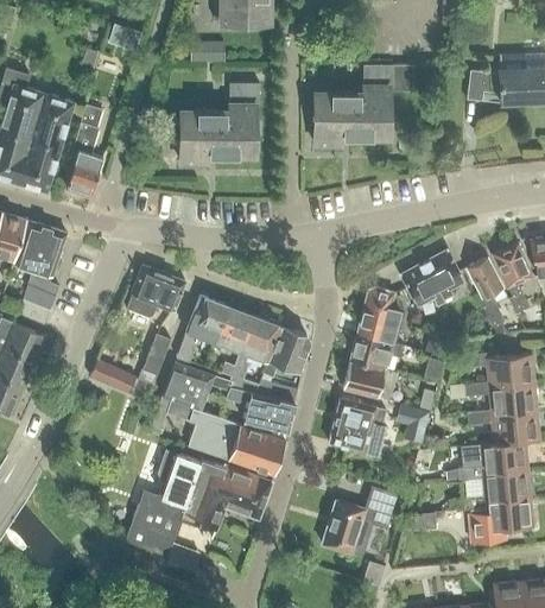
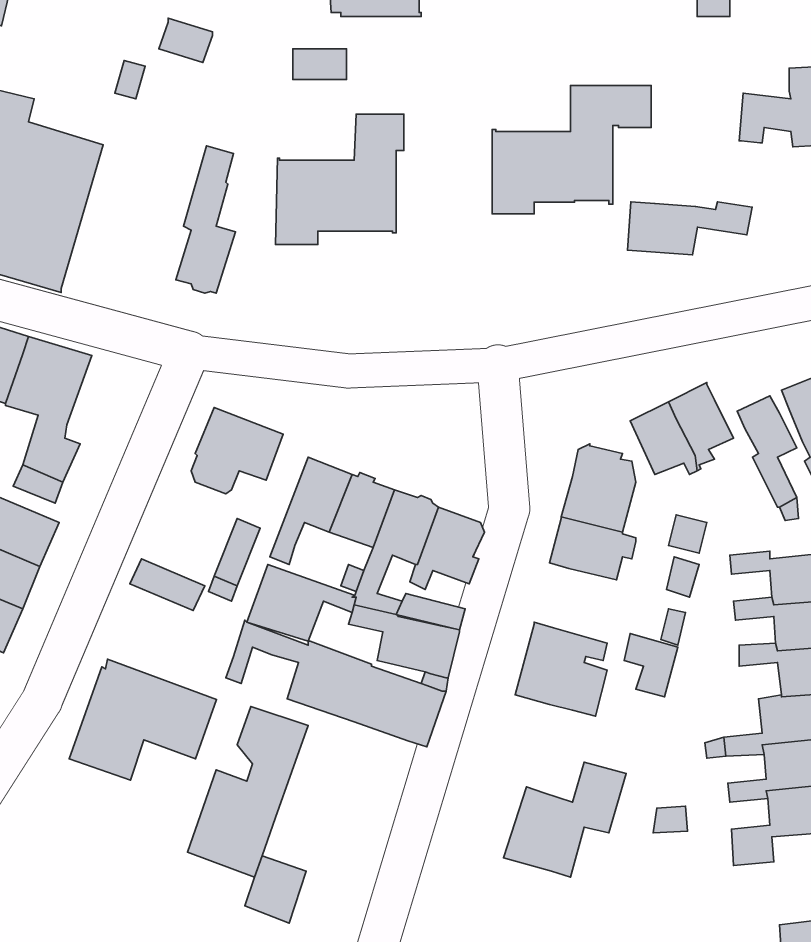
building: [66,104,103,196] -> [176,146,235,293]
building: none -> [628,202,752,255]
building: [343,361,397,400] -> none
building: [180,457,272,532] -> [69,659,217,780]

